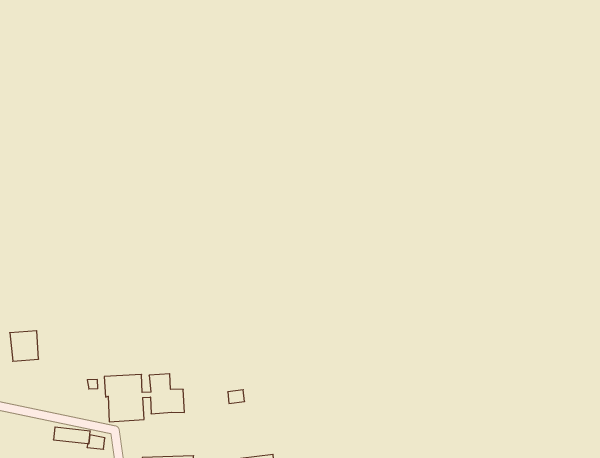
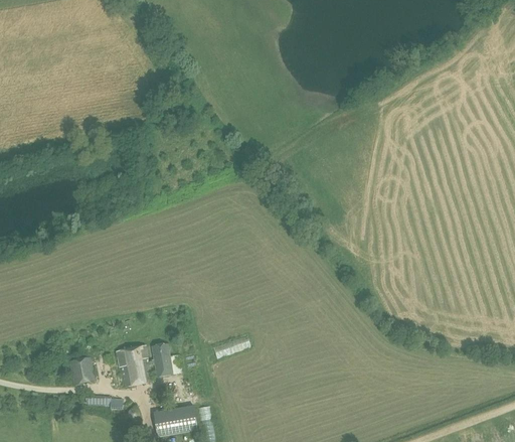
building: [10,331,39,361] -> [68,357,94,384]

